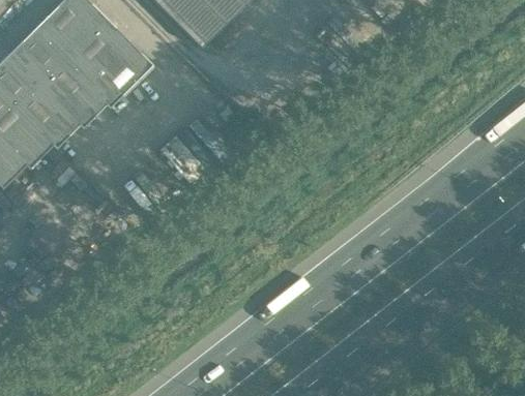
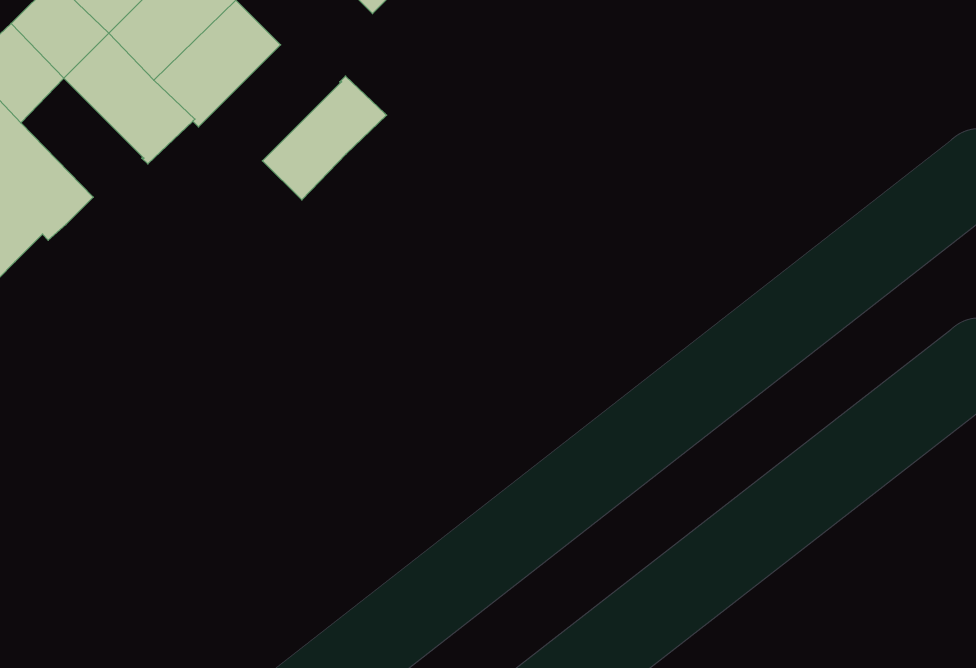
building: none -> [263,76,387,200]
building: [13,81,79,147] -> none

